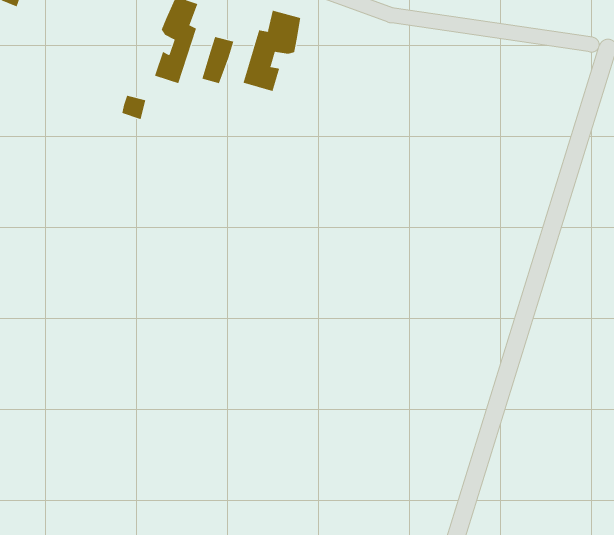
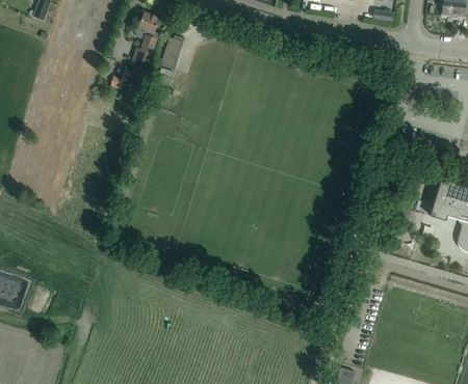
building: [243,10,301,92] -> none

